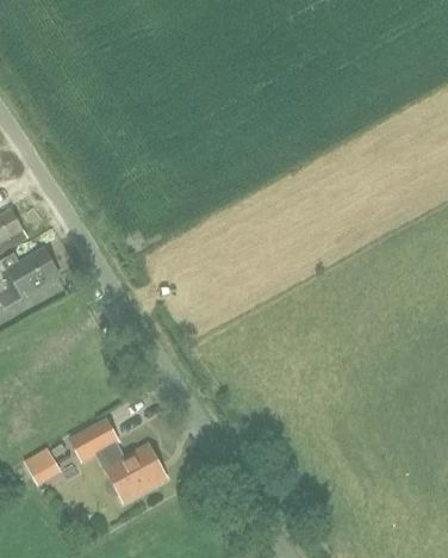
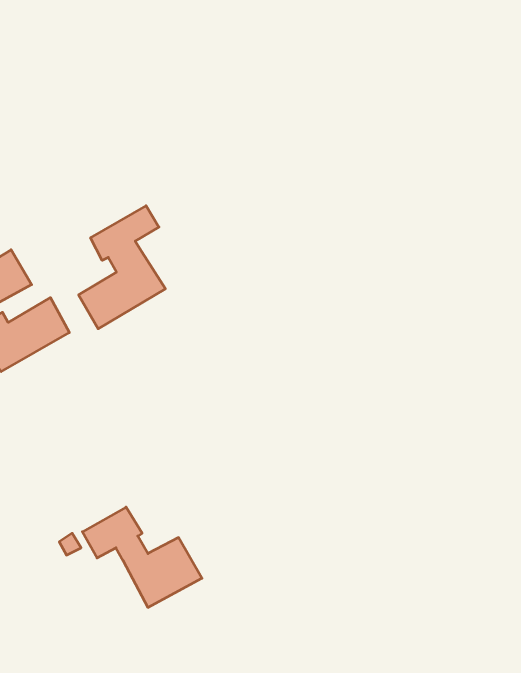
building: none -> [79,206,165,329]
building: [23,446,61,484] -> none

